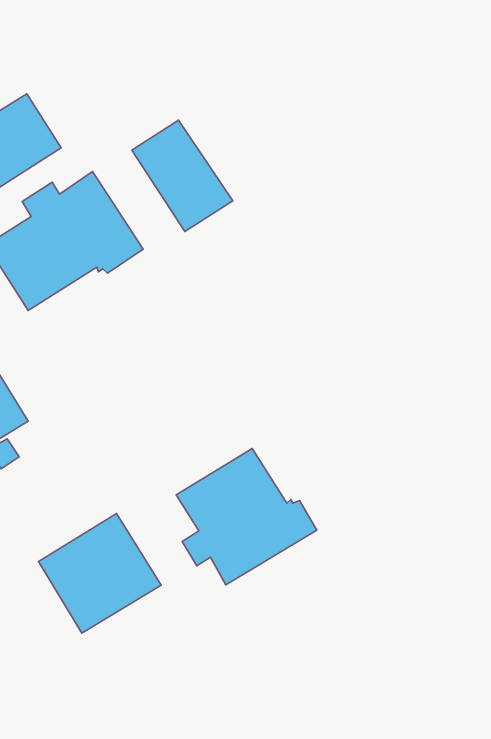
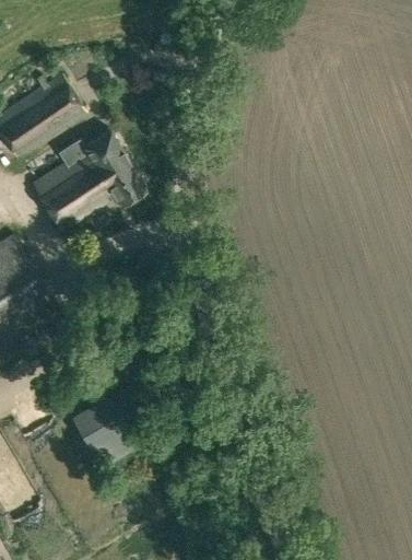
building: [132,120,233,232] -> none
building: [176,448,317,585] -> none

